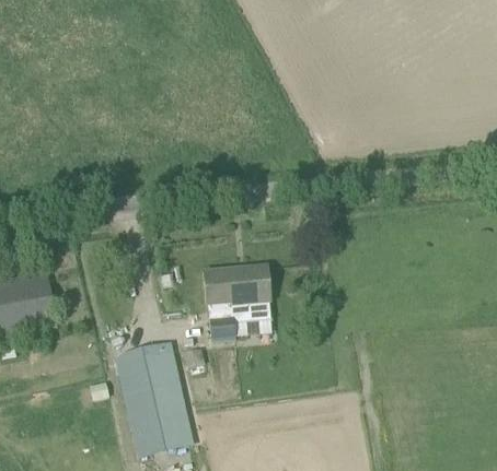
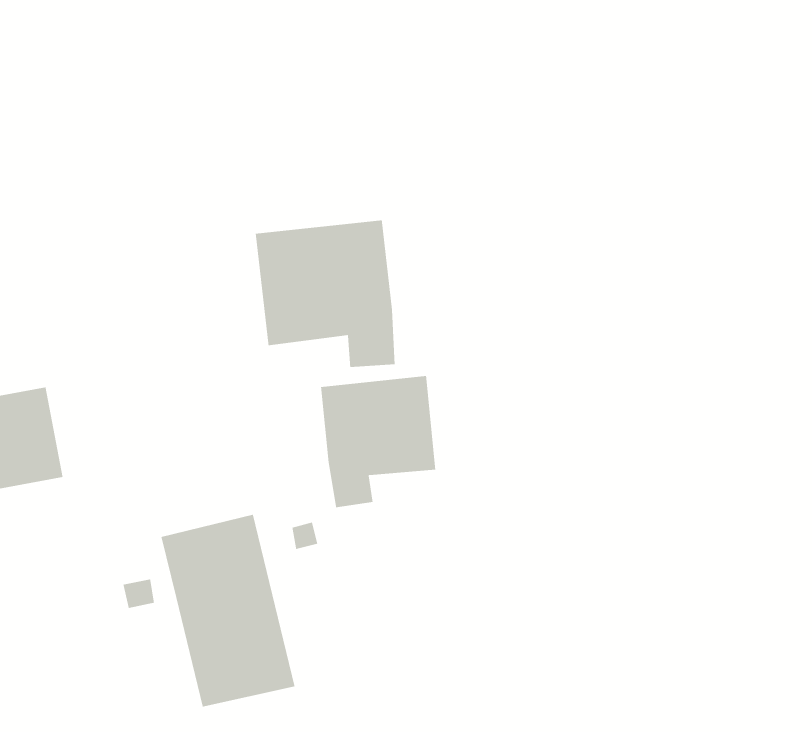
building: none -> [255,220,395,368]

